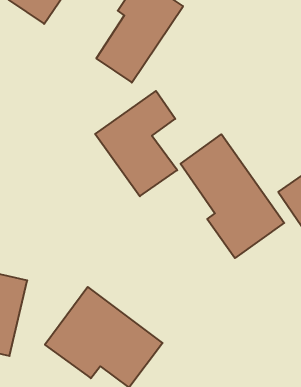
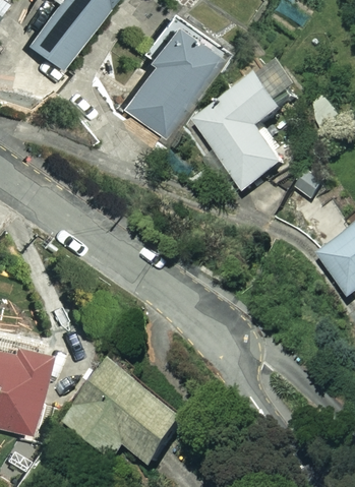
building: [95,91,177,196] -> [194,75,284,190]
building: [181,134,284,258] -> none

